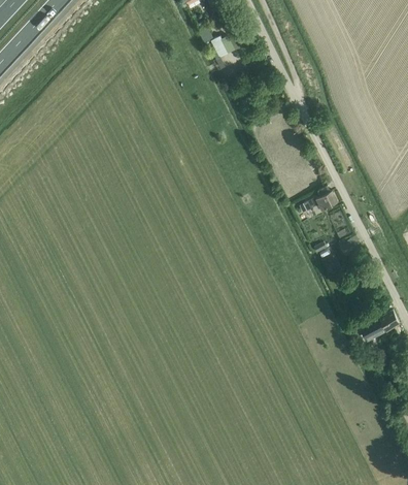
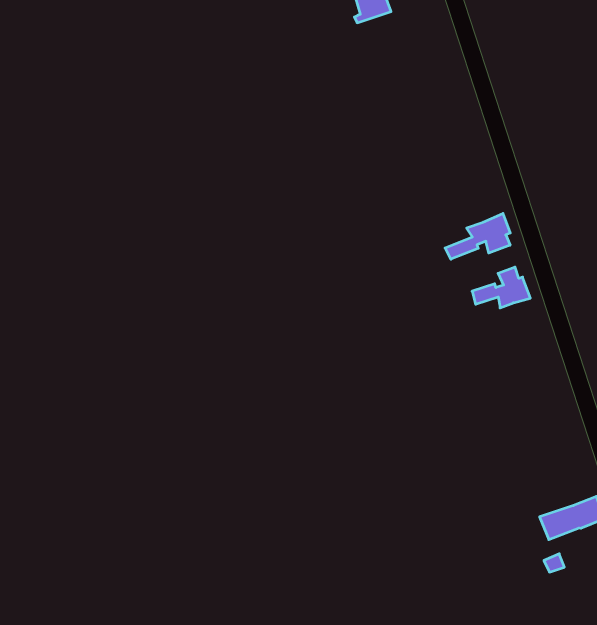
building: none -> [445,213,510,259]

